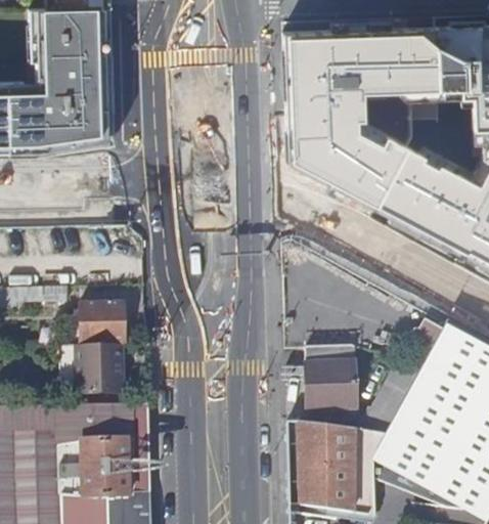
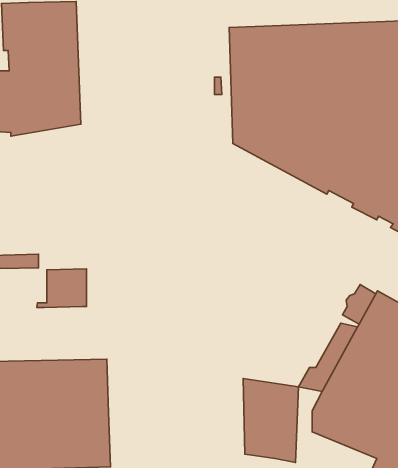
building: [77,342,121,390] -> none
building: [308,346,358,411] -> none

